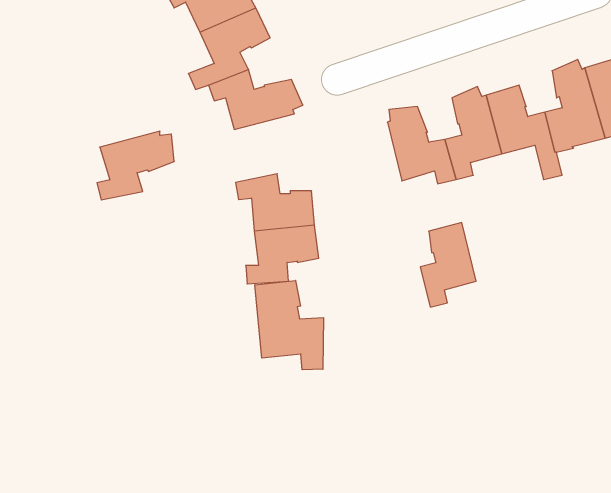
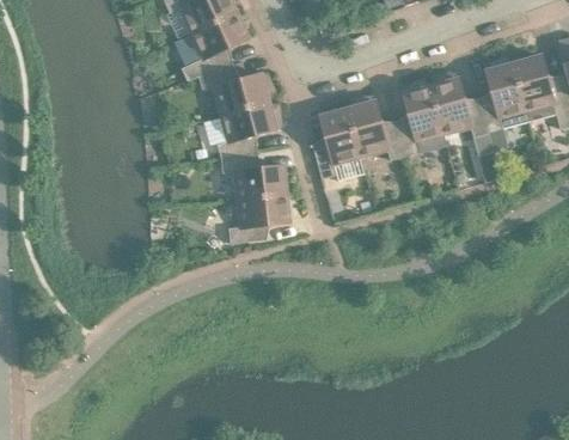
building: [97,131,174,200] -> [218,102,282,159]
building: [420,223,476,307] -> [313,109,360,179]
building: [255,280,323,370] -> none

